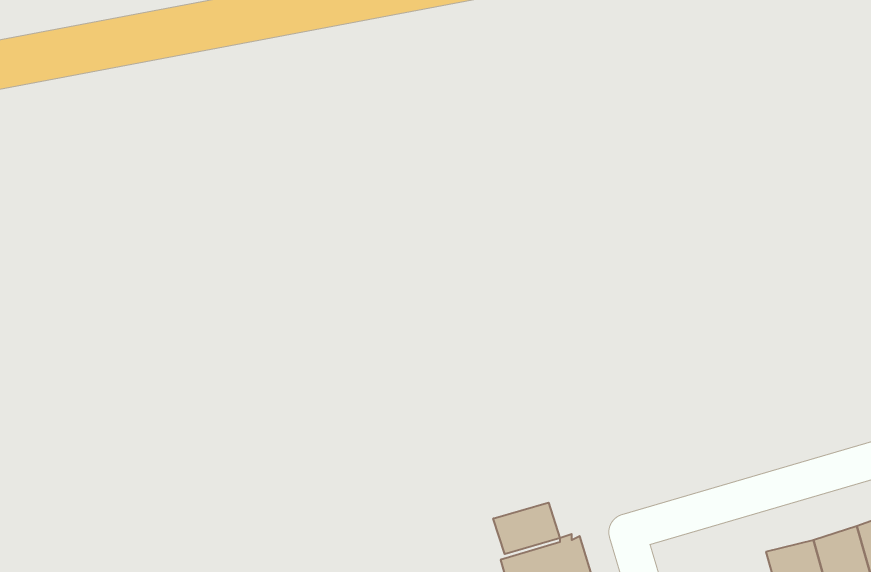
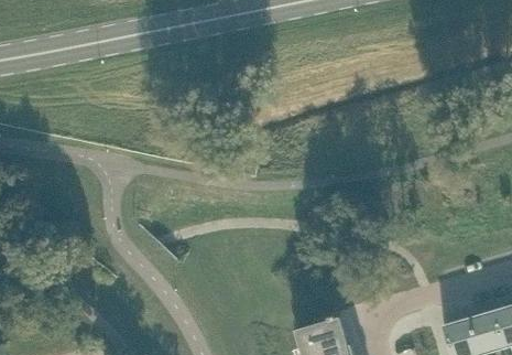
building: [493,503,560,554] -> none

